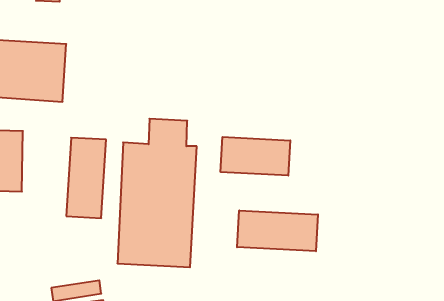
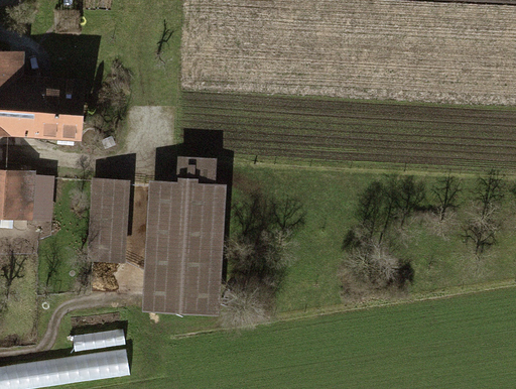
building: [221,137,290,176] -> none
building: [237,210,318,251] -> none

